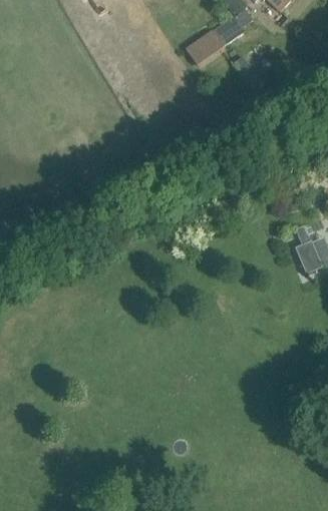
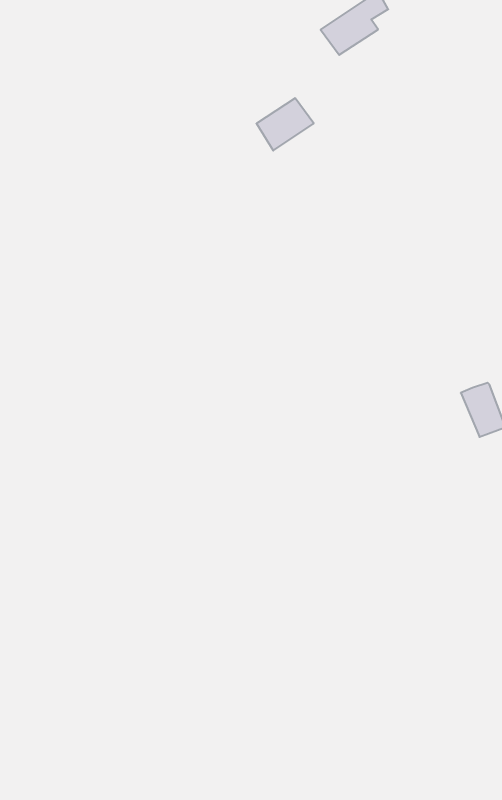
building: [187,29,221,60] -> [256,98,314,151]

